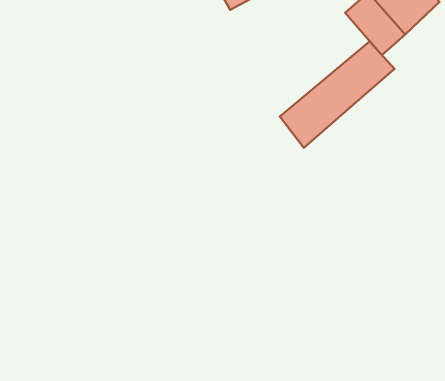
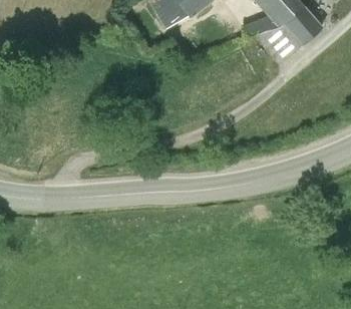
building: [280,41,395,148] -> none

